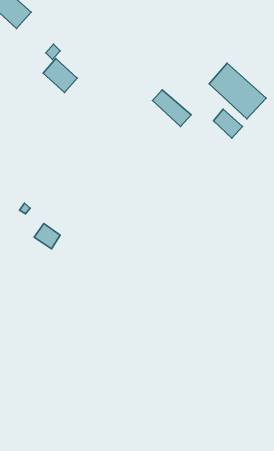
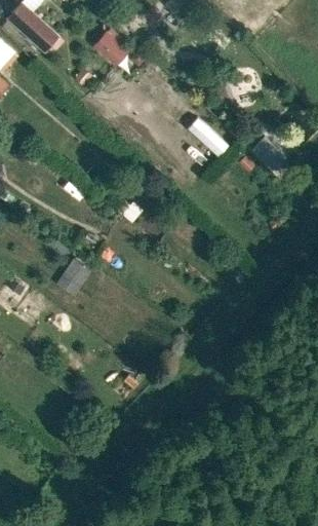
building: [43,59,77,93] -> [93,31,129,67]
building: [209,63,266,119] -> none

